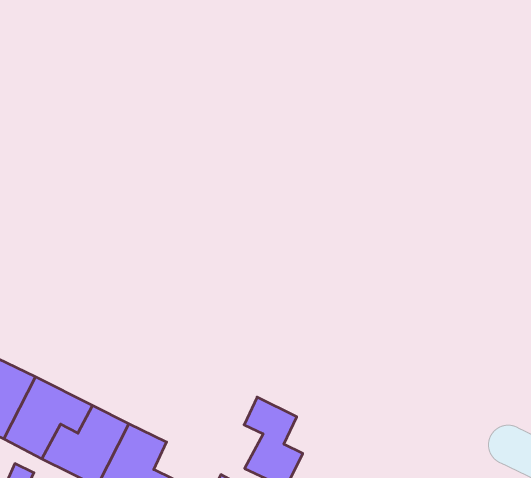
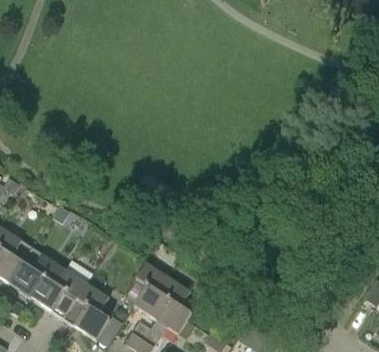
building: none -> [132,261,168,318]

